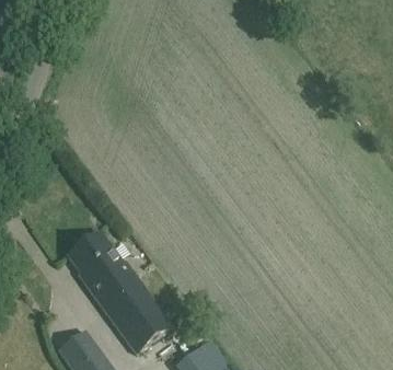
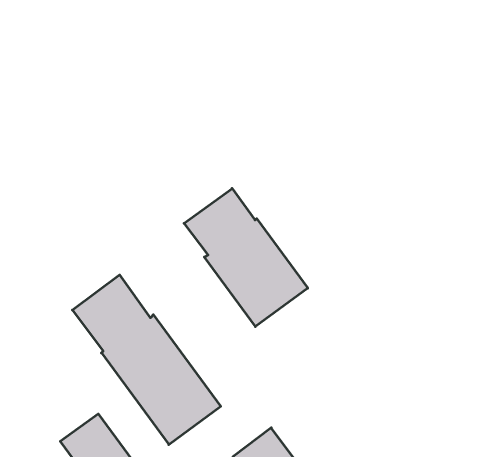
building: none -> [184,188,308,327]

